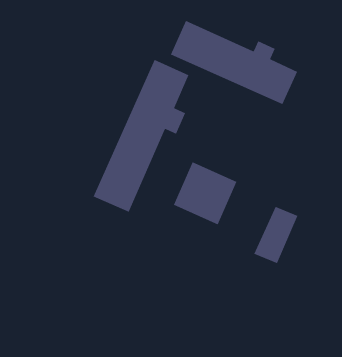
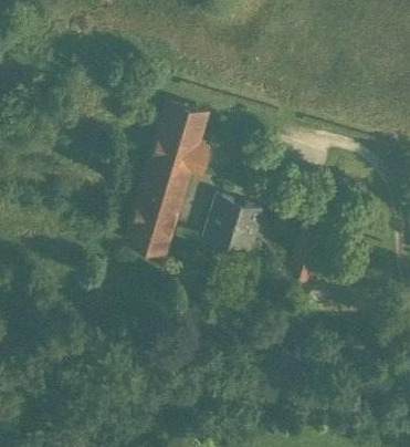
building: [170,20,298,105] -> none

